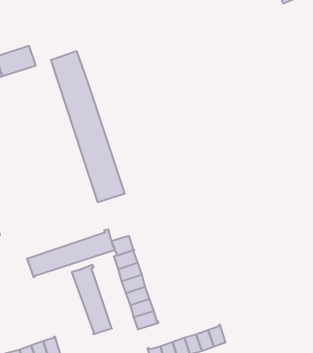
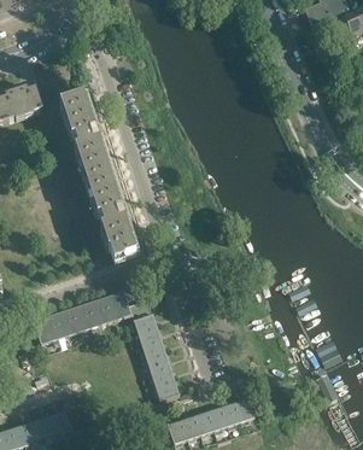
building: [72,265,112,334] -> none

